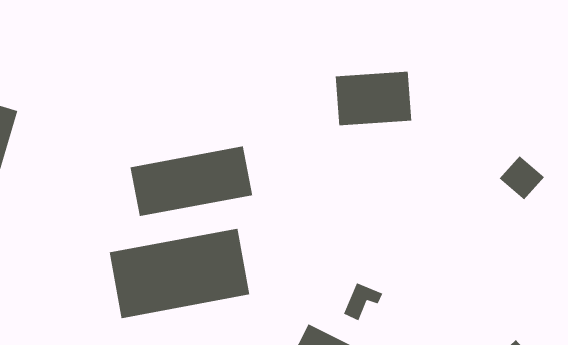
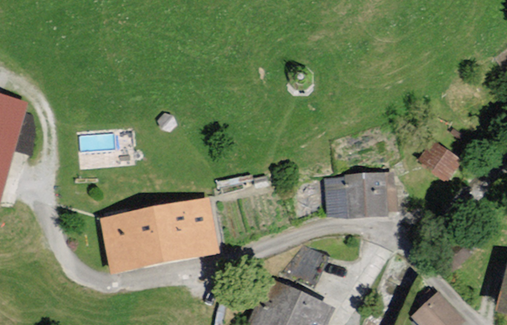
building: [335,71,412,126] -> [325,173,389,218]
building: [130,145,253,217] -> none

